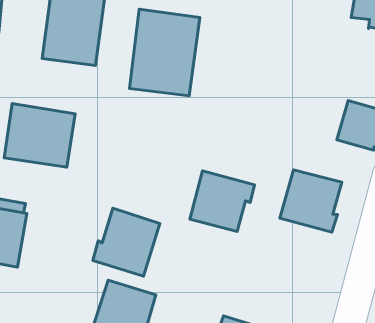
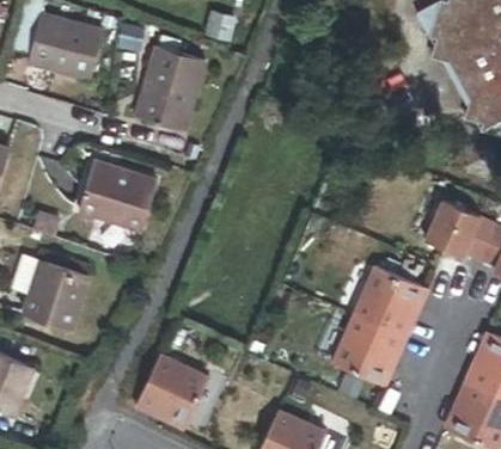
building: [129,9,200,96] -> none
building: [190,171,254,232] -> [335,318,408,387]
building: [93,208,160,276] -> none

